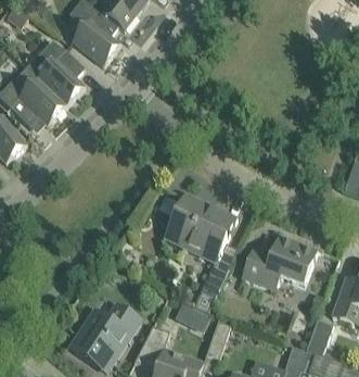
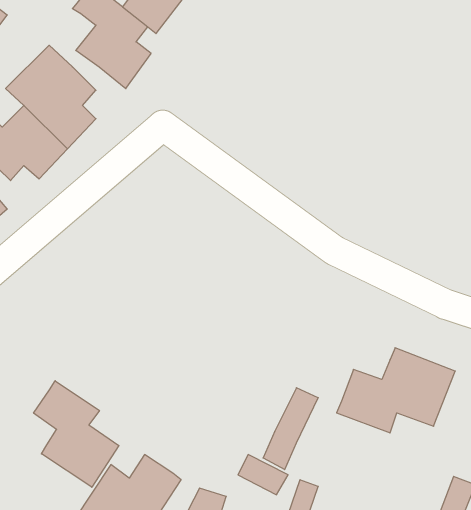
building: [164,192,236,256] -> none
building: none -> [34,381,119,487]

